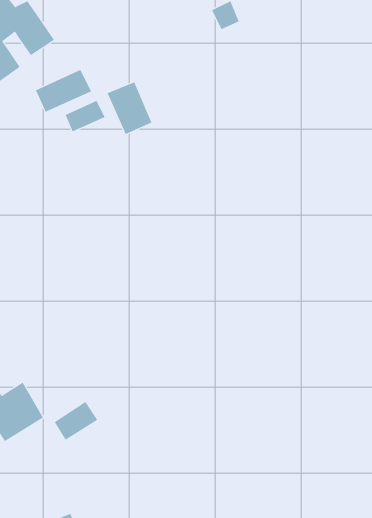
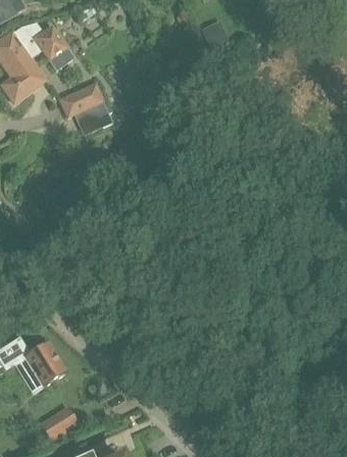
building: [107,82,152,135] -> none
building: [54,401,98,441] -> [40,407,77,440]

